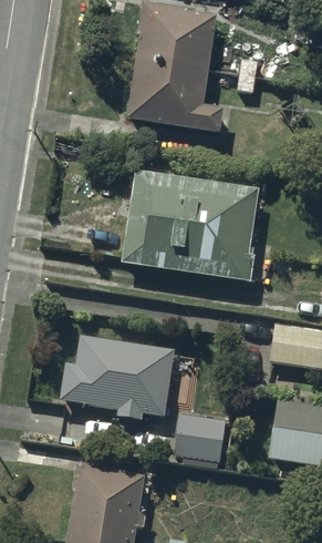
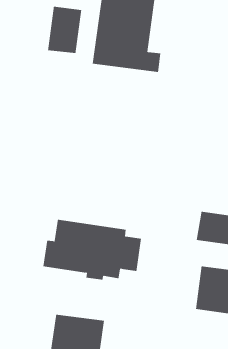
building: none -> [48,6,82,54]
building: [122,168,259,281] -> none
building: [175,416,226,463] -> none

